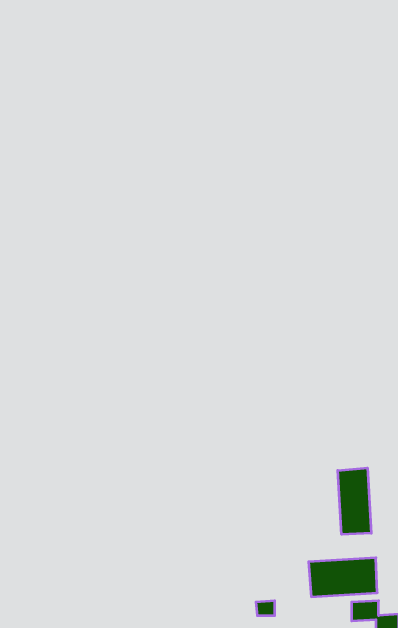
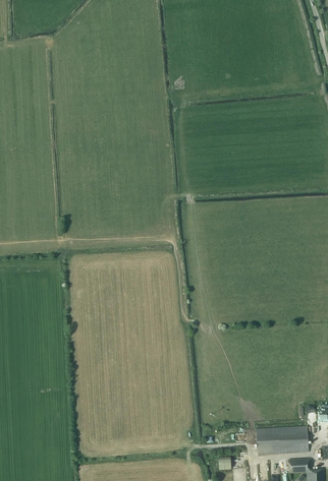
building: [338,468,371,534] -> none

